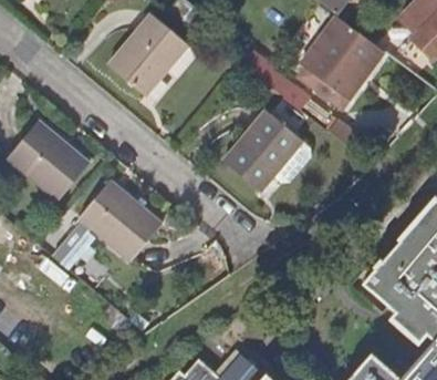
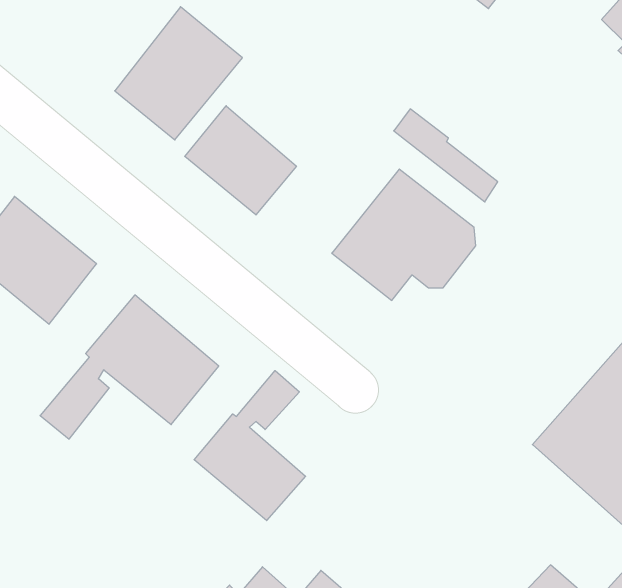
building: [303,18,387,107] -> none
building: none -> [185,106,296,215]
building: none -> [194,371,306,521]

